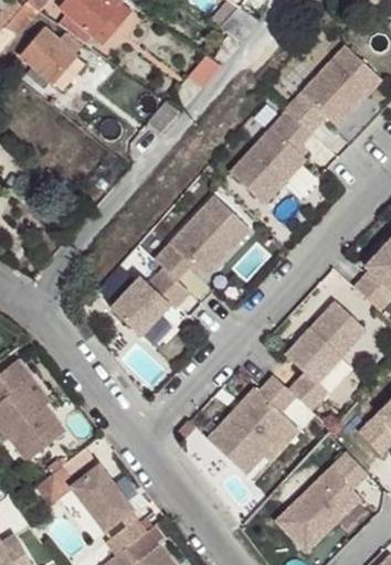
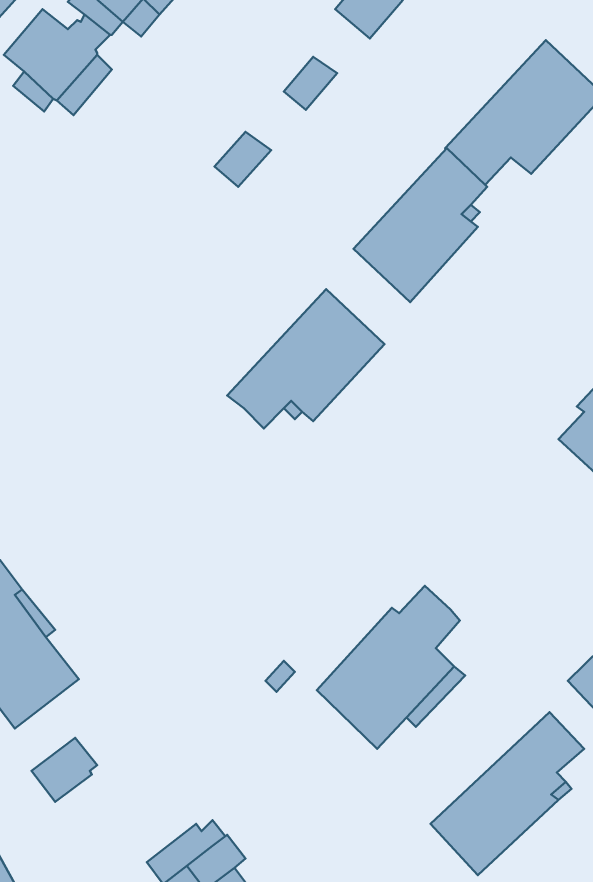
building: [110,267,189,335] -> none
building: [285,300,366,409] -> none
building: [71,465,131,530] -> none

